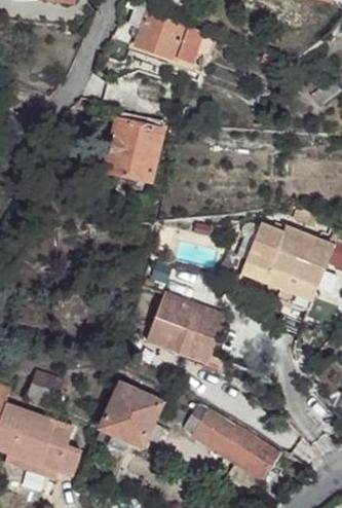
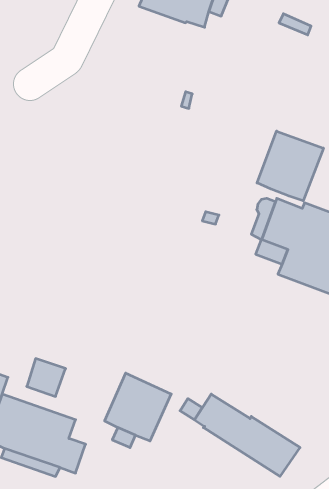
building: [107,111,164,182] -> none
building: none -> [257,131,323,201]
building: [146,292,227,363] -> none

